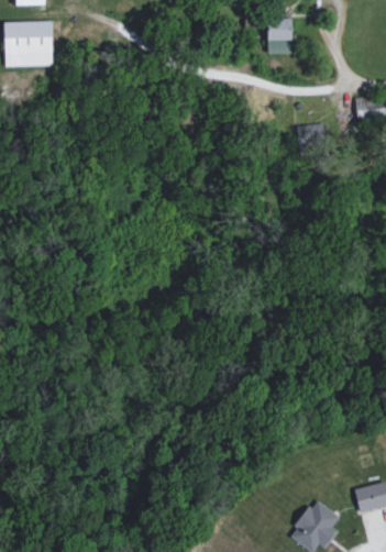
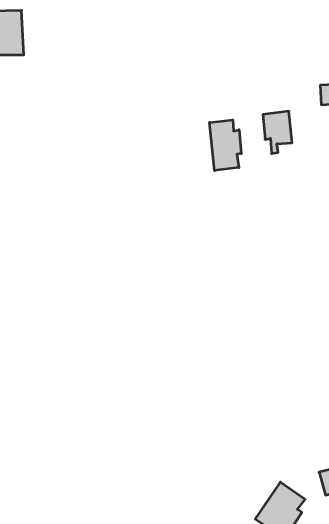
building: [268,15,291,53] -> none
building: none -> [210,120,241,171]

